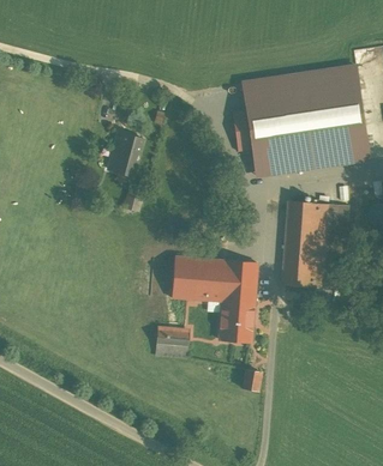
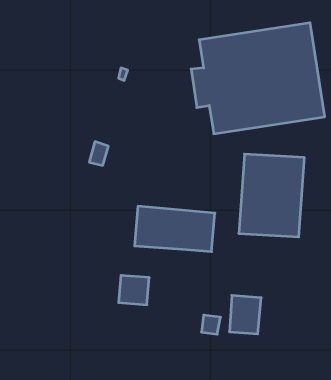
building: [107,131,143,175] -> none
building: [219,301,252,341] -> [229,295,261,334]

